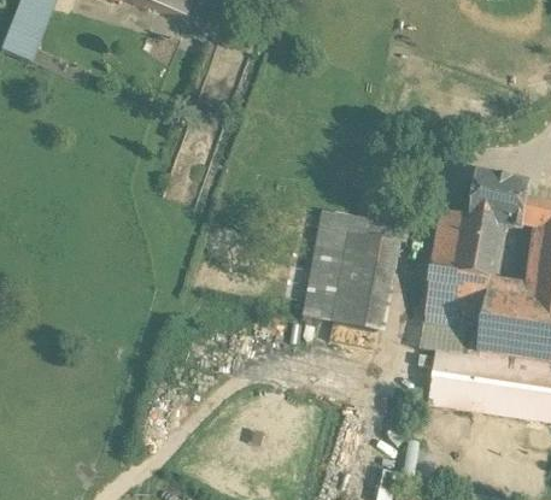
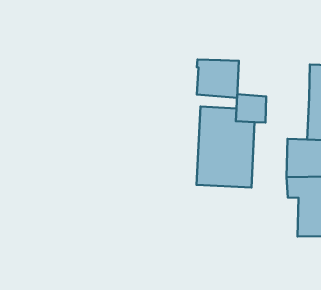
building: none -> [197,59,239,98]
building: [433,211,470,273] -> none

